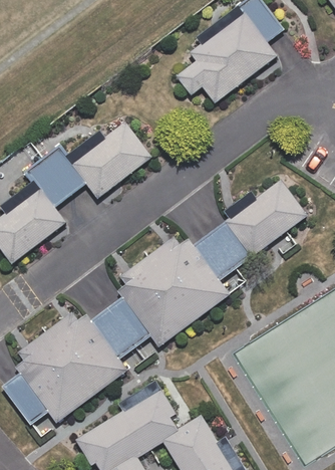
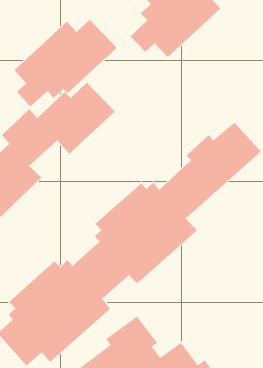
building: none -> [14,19,118,107]

